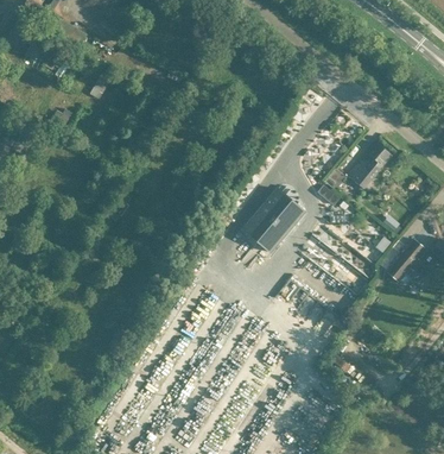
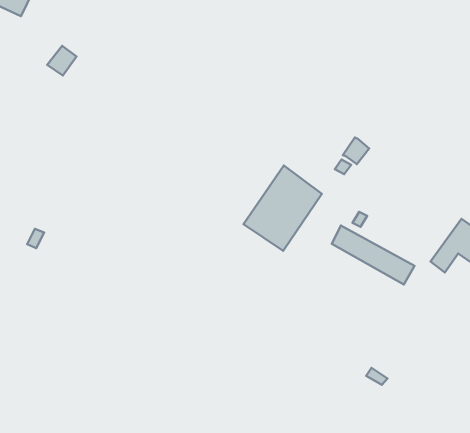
building: [347,144,389,190] -> none

